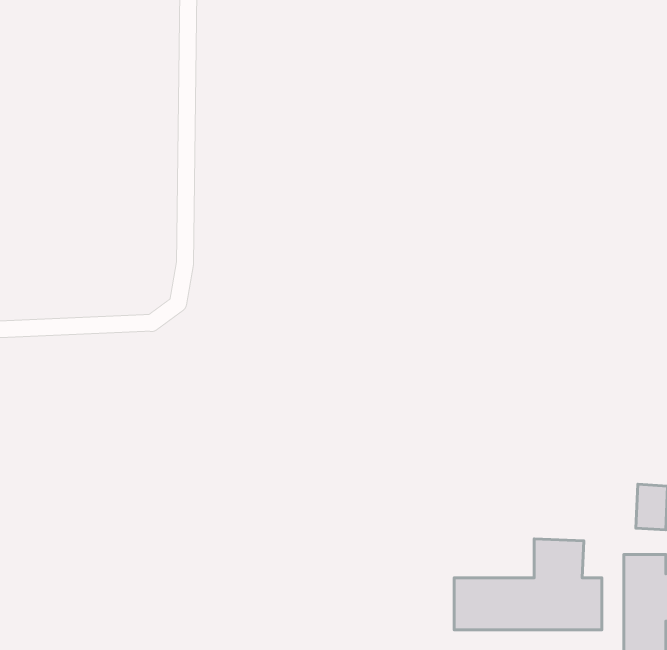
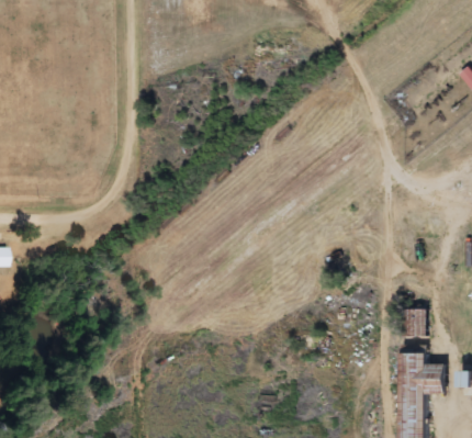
building: [454,539,602,630] -> none

